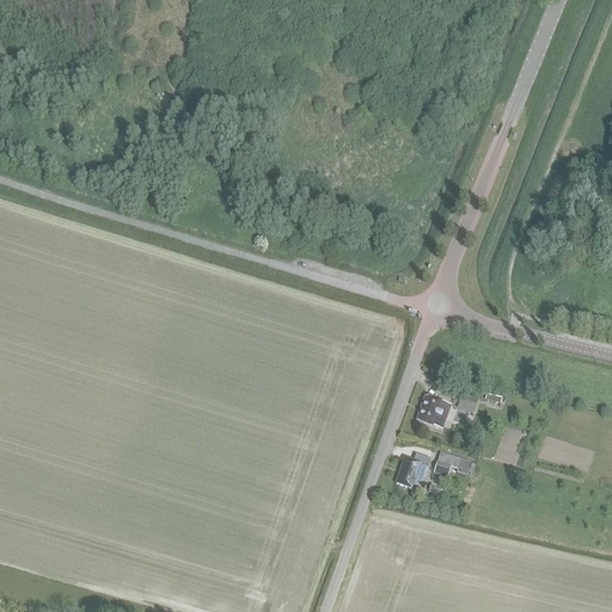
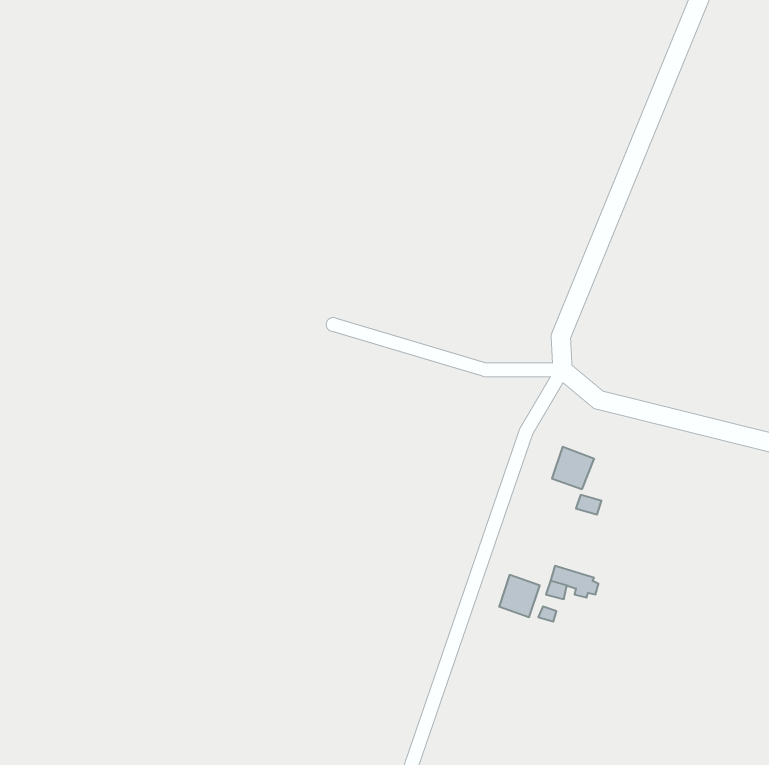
building: [416,393,449,427] -> [552,447,594,489]

